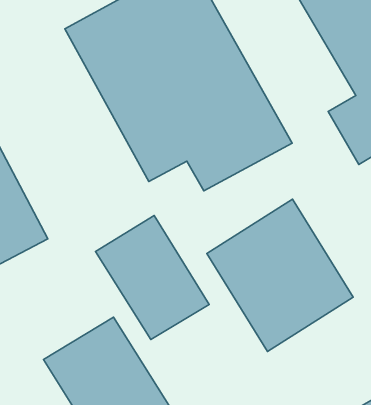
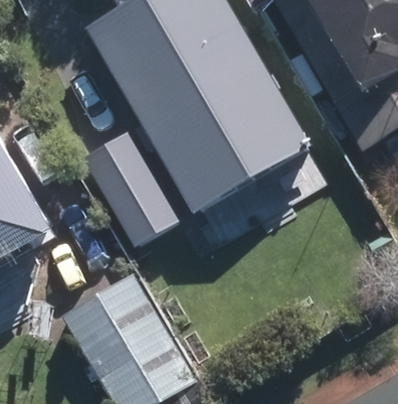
building: [207,199,353,351] -> none

